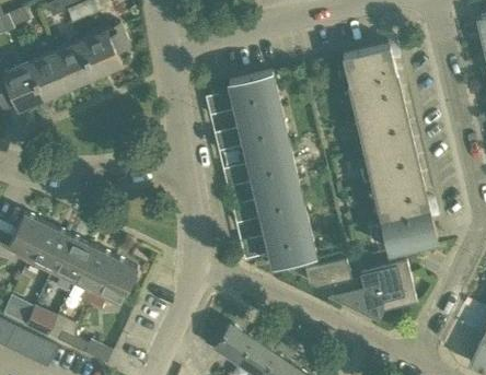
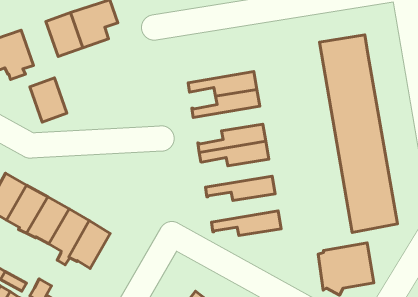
building: [30,51,70,98] -> [30,78,67,122]
building: [205,71,276,106] -> none
building: [216,126,289,154] -> none
building: [231,180,302,214] -> none
building: [240,216,311,250] -> none
building: [305,260,363,314] -> none

